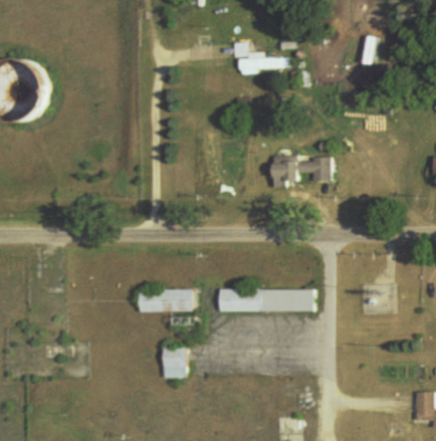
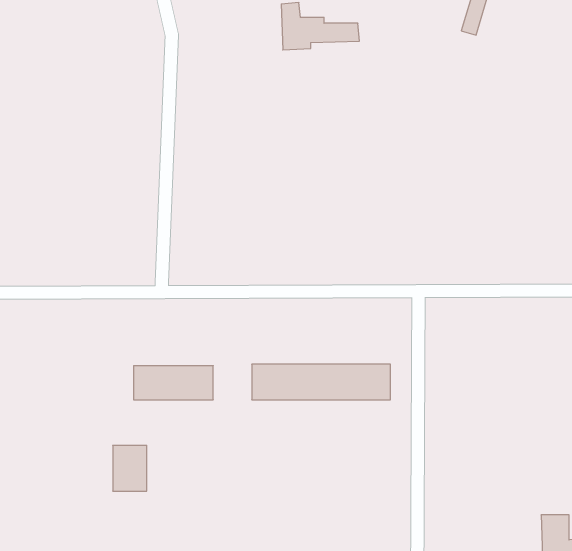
building: [271,157,332,187] -> none
building: [161,347,184,378] -> [113,445,147,491]

